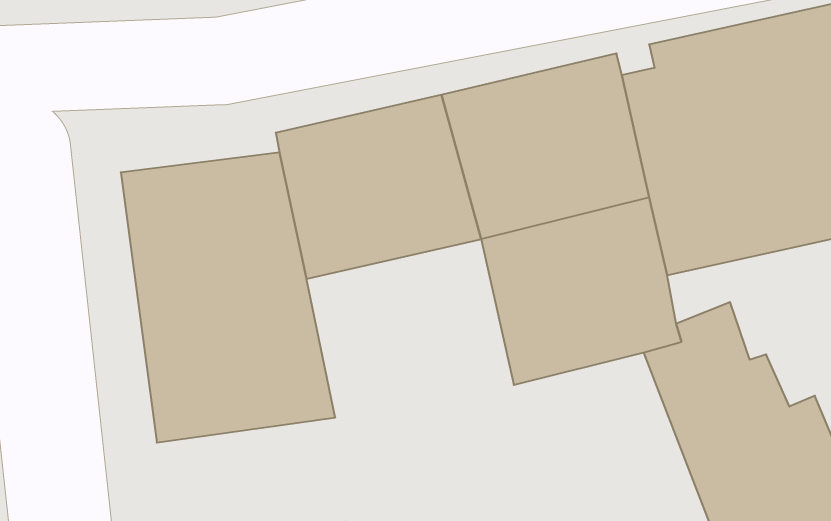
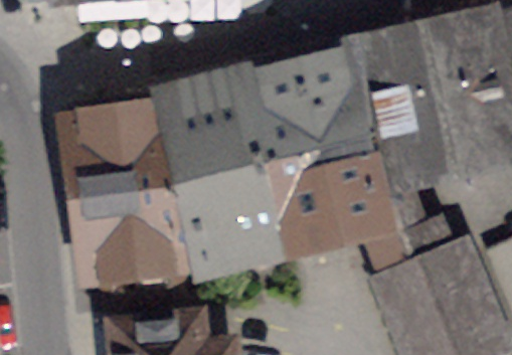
building: none -> [179,168,295,280]

